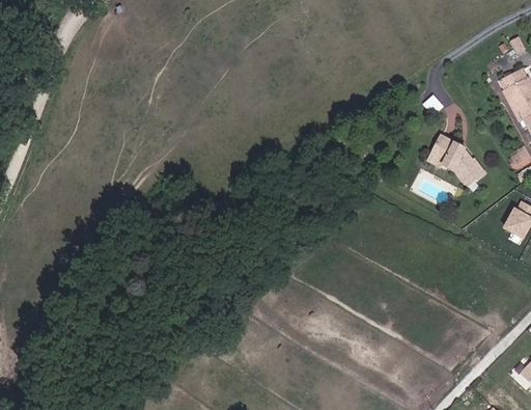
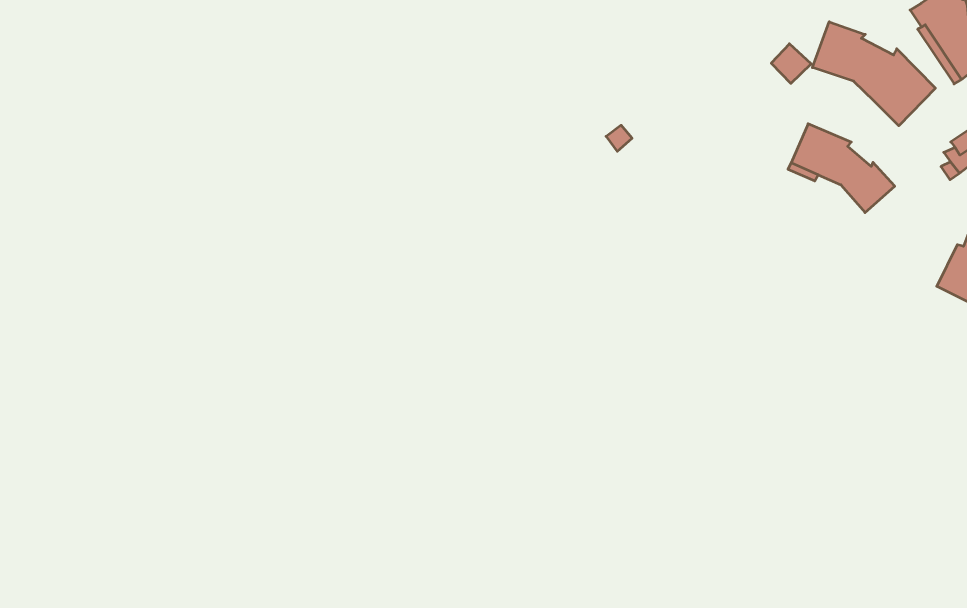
building: none -> [812,22,935,126]

